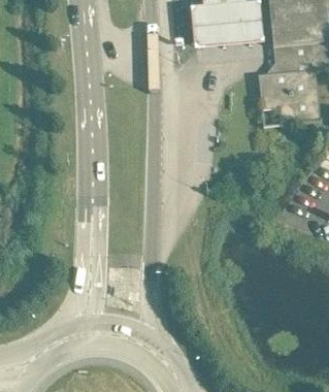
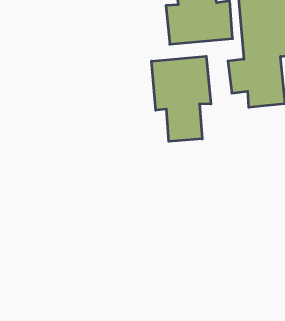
building: none -> [152,56,211,141]

